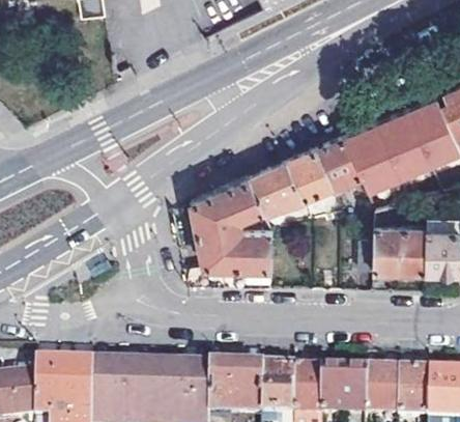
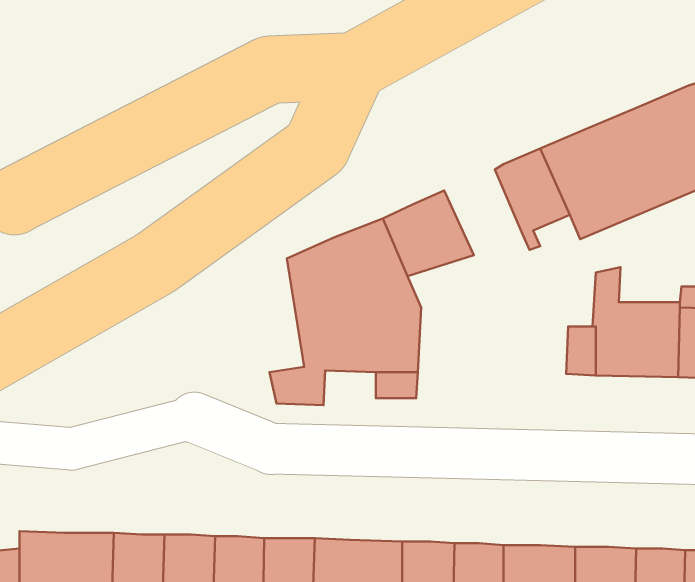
building: [294,141,341,192] -> none

